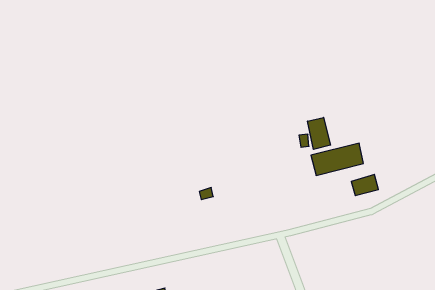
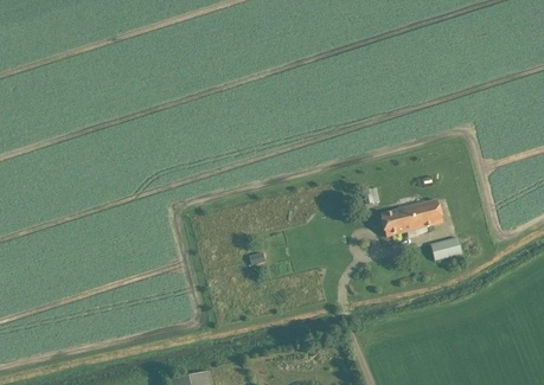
building: [308,117,331,149] -> none

